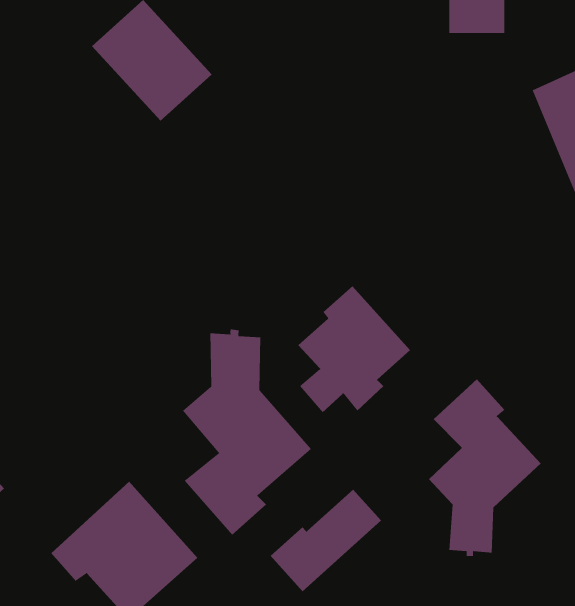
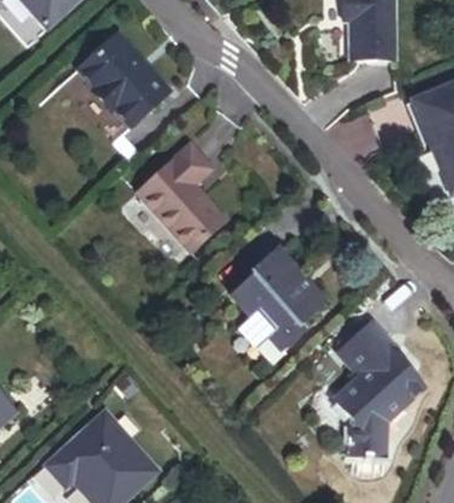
building: none -> [138,146,228,252]
building: [182,328,312,536] -> none
building: [270,489,382,592] -> none

